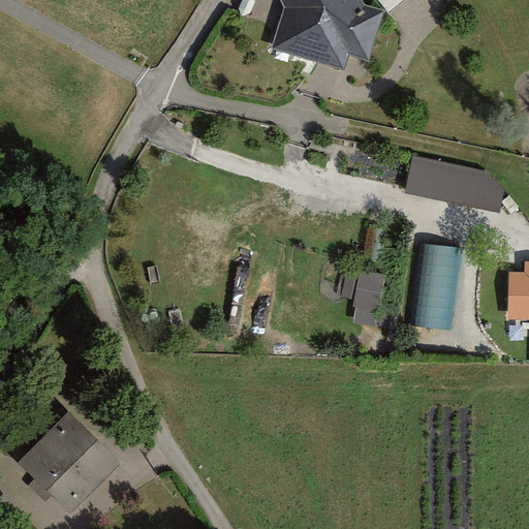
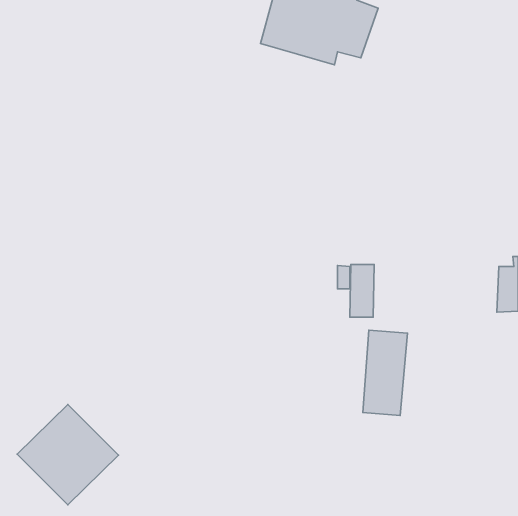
building: [404,156,503,212] -> none
building: [413,245,459,332] -> [363,330,407,415]

